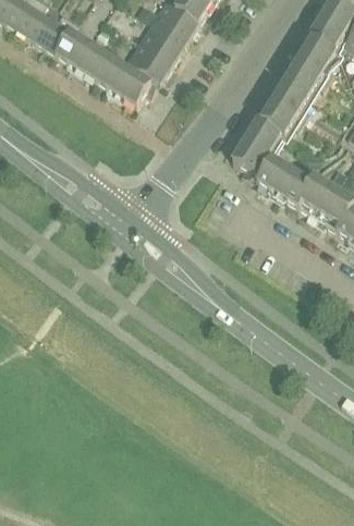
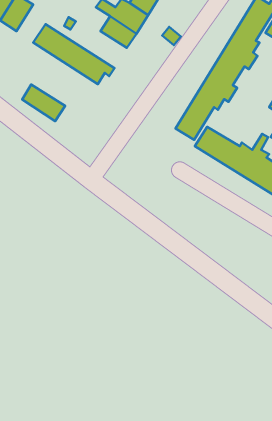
building: [36,7,77,53] -> none
building: [126,39,172,81] -> none
building: none -> [22,84,65,121]

